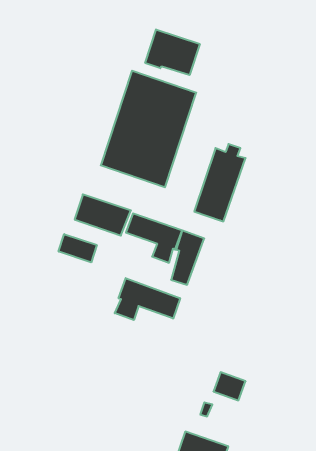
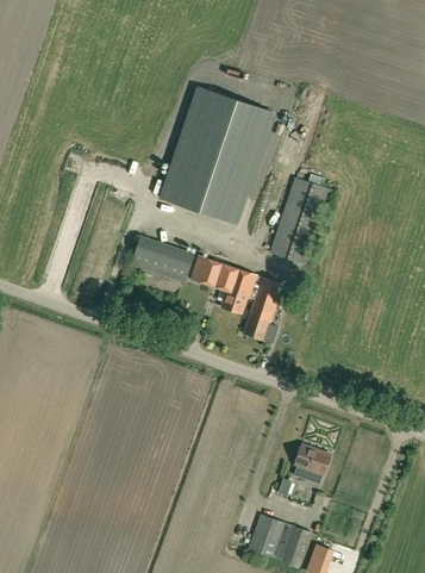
building: [145,29,200,75] -> none
building: [59,234,97,262] -> none
building: [115,278,180,320] -> none

